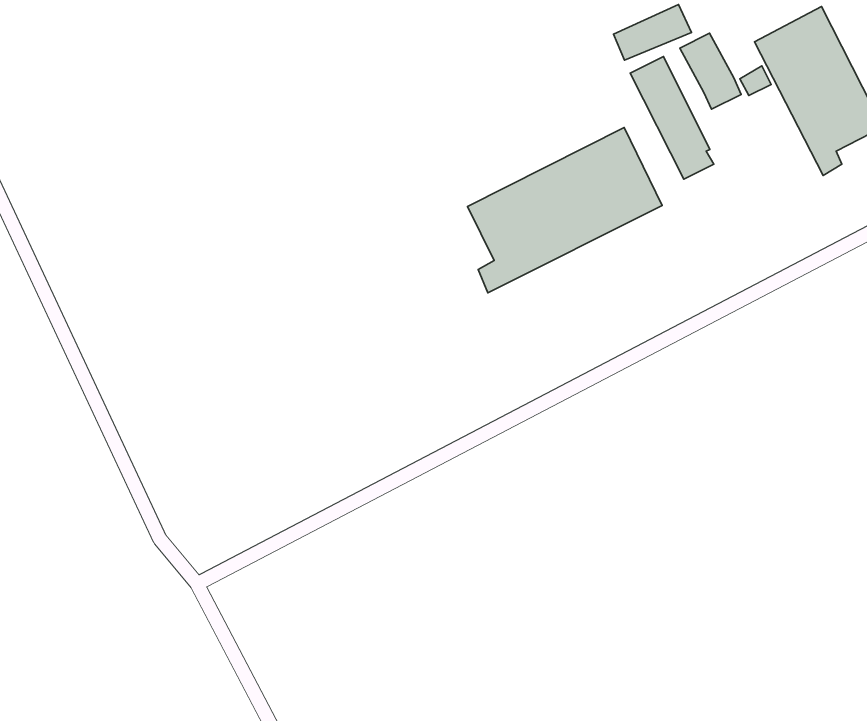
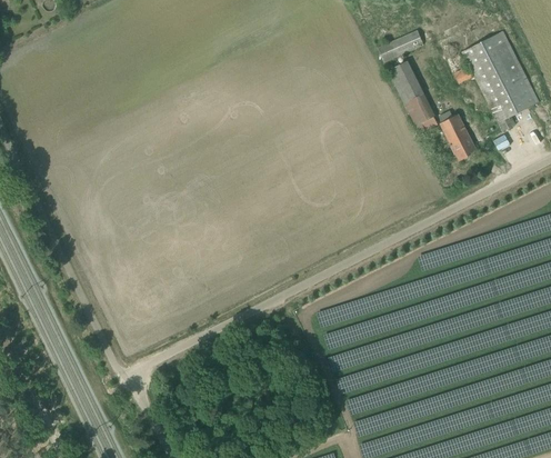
building: [680,33,741,109] -> [440,113,477,159]
building: [467,127,662,293] -> none

